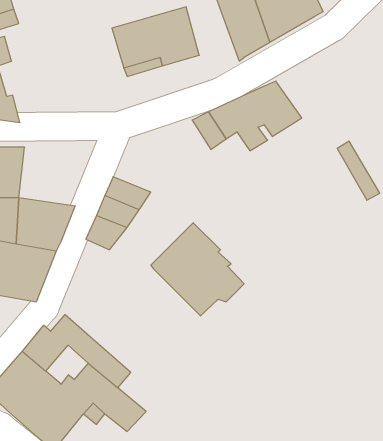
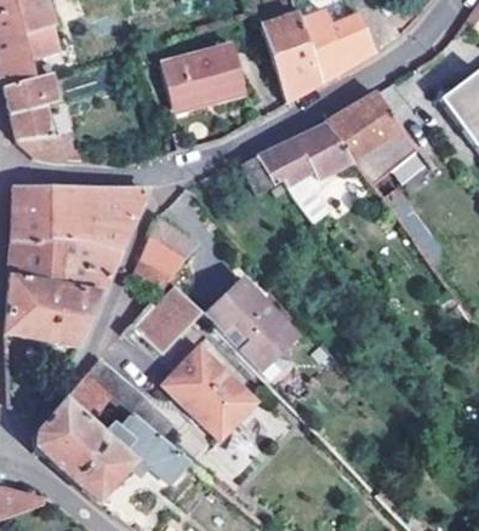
building: none -> [327,90,422,184]
building: none -> [63,189,149,250]
building: none -> [131,286,201,353]
building: none -> [166,349,256,435]

